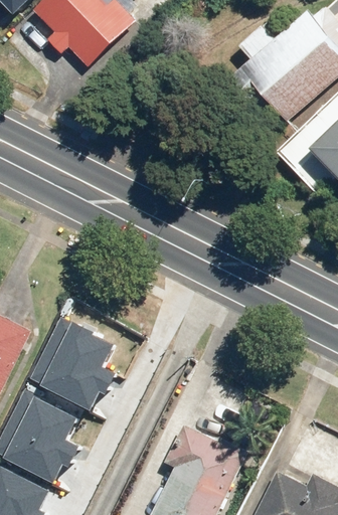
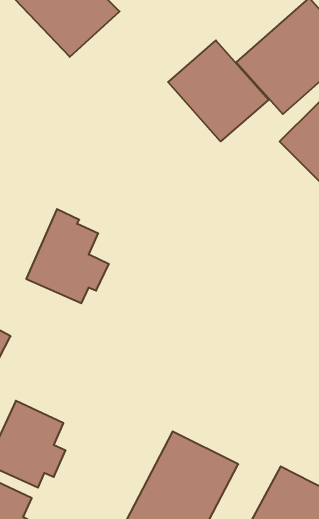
building: none -> [168,40,268,141]
building: [39,320,118,409] -> [26,209,109,303]

